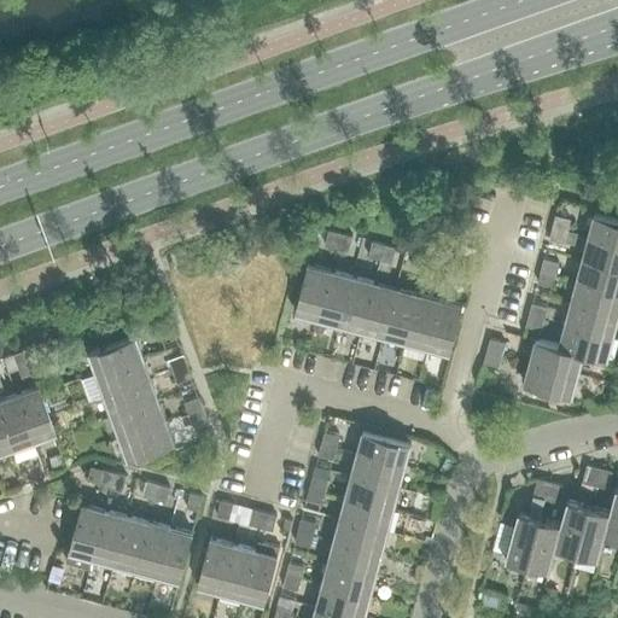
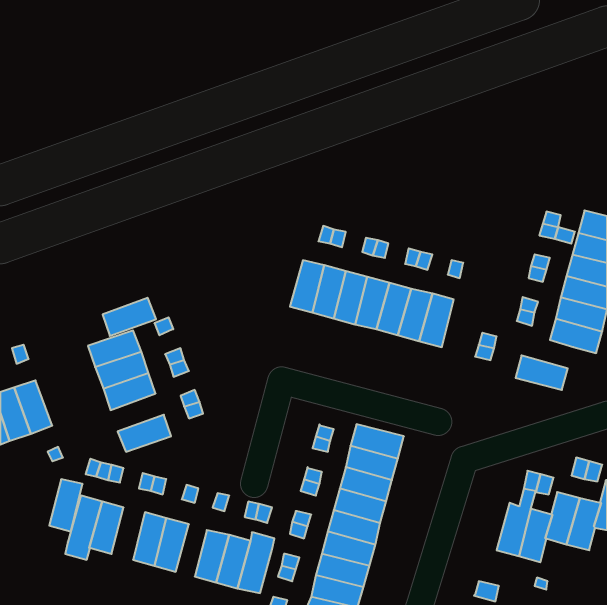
building: [530,342,583,377] -> none
building: [112,402,167,441] -> [103,298,156,336]
building: [113,518,147,571] -> [49,479,83,532]

